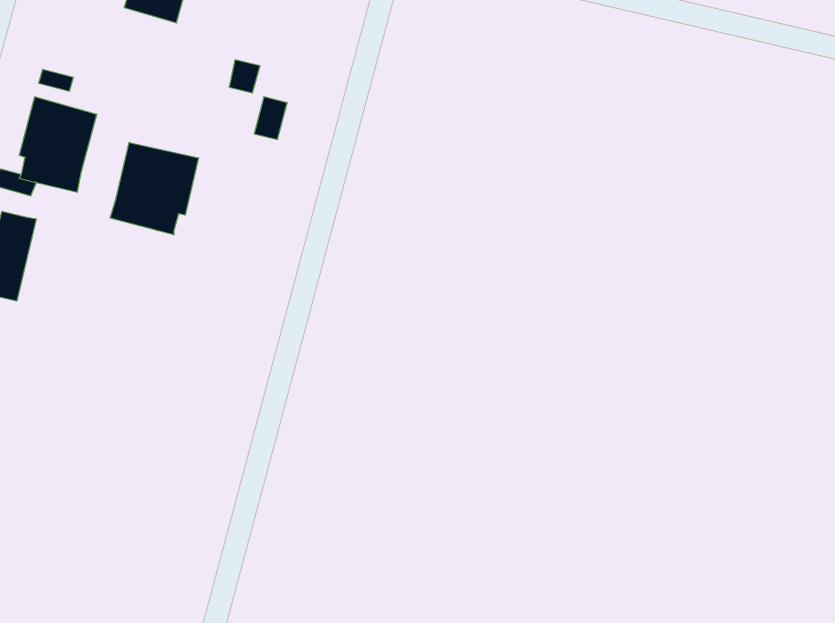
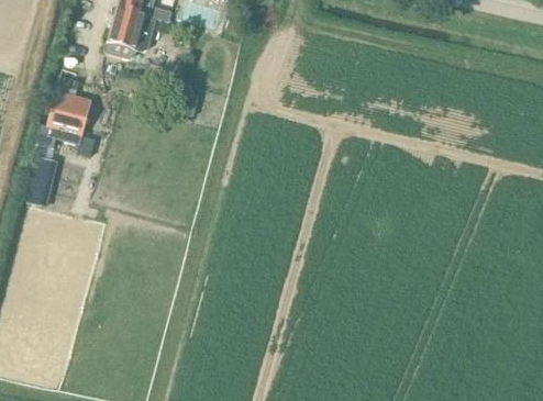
building: [110,142,198,235] -> none

